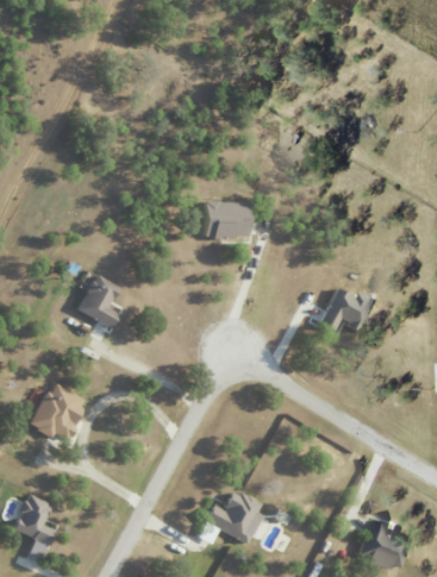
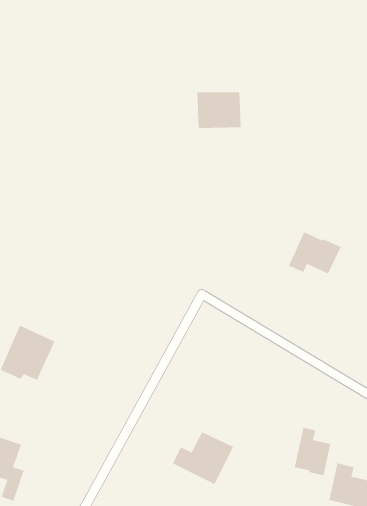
building: [202,202,248,239] -> [197,92,242,129]
building: [76,275,119,328] -> none
building: none -> [294,427,331,476]

